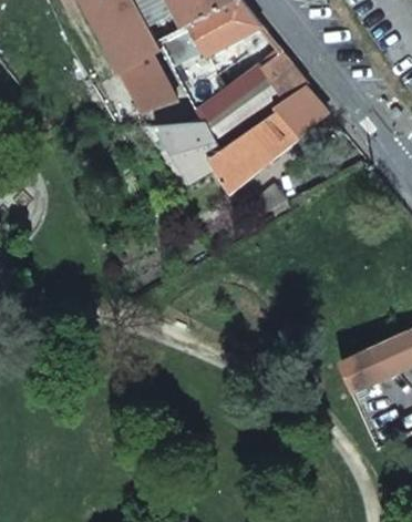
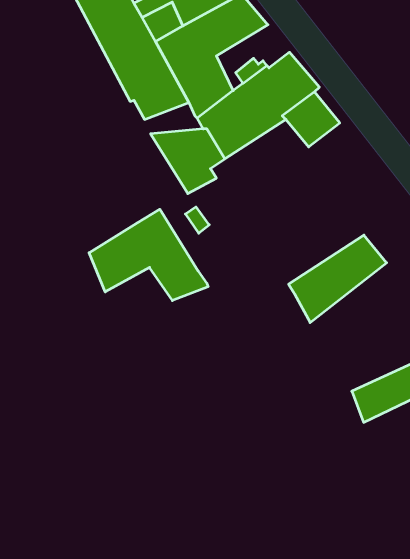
building: [207,113,298,194] -> [289,235,387,323]
building: none -> [89,209,208,301]

